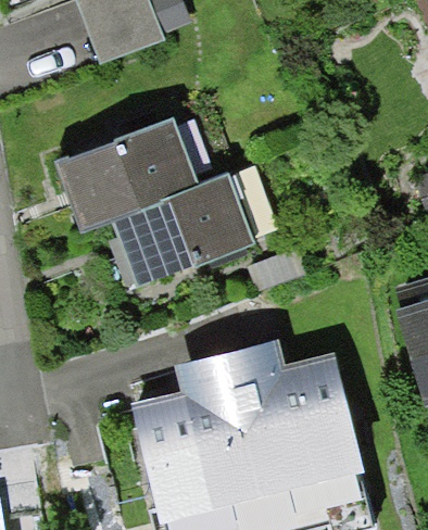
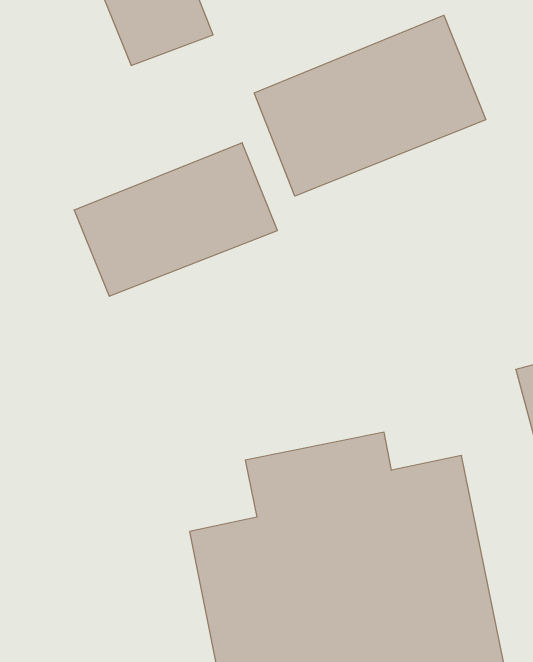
building: none -> [254,15,486,196]
building: [115,171,267,285] -> none

